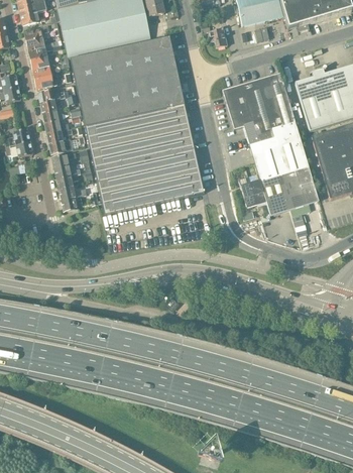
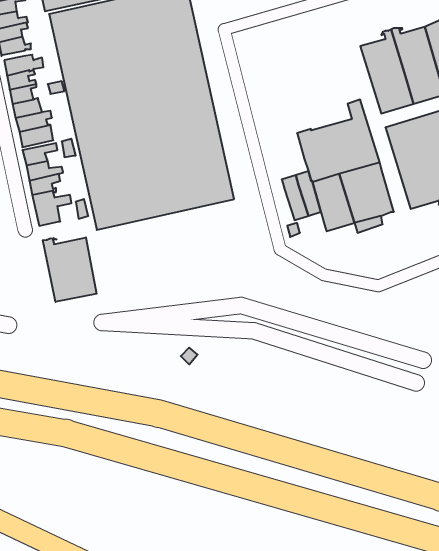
building: [222,72,293,143] -> none
building: none -> [43,237,97,302]

